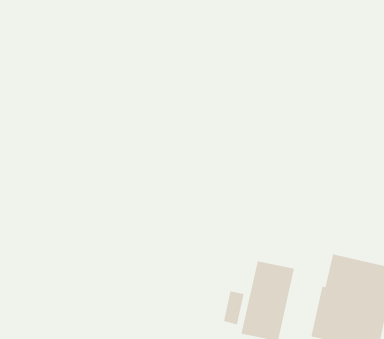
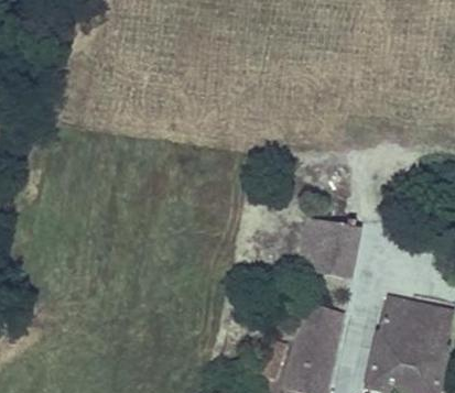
building: none -> [294,216,361,279]

